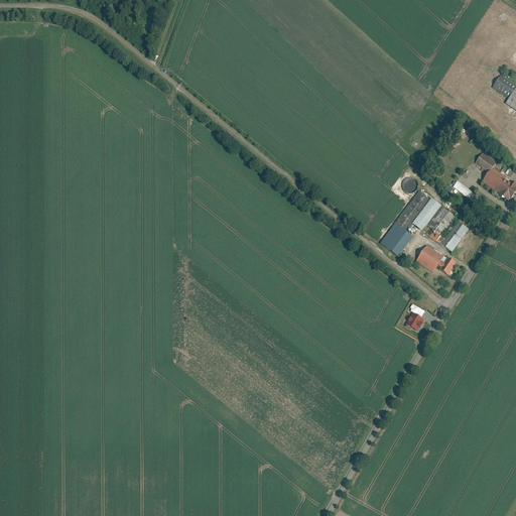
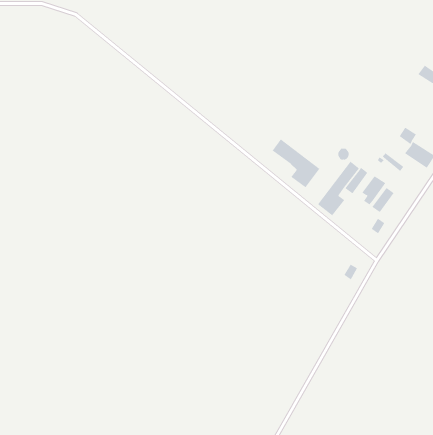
building: none -> [272,138,320,188]
building: [418,246,445,273] -> none

